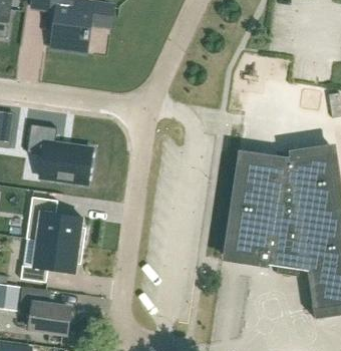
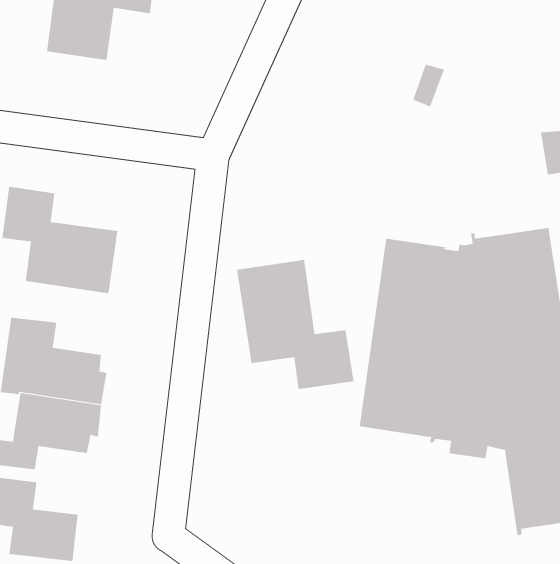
building: none -> [237,259,354,390]

